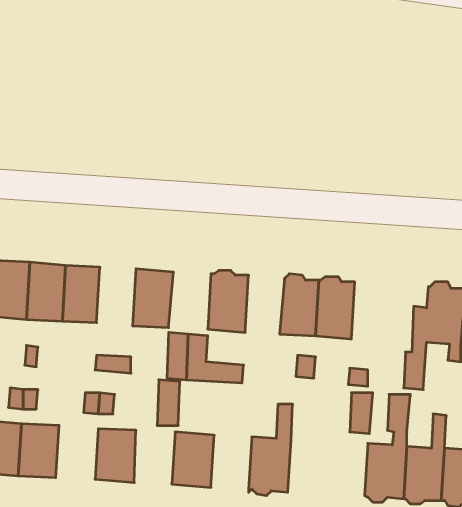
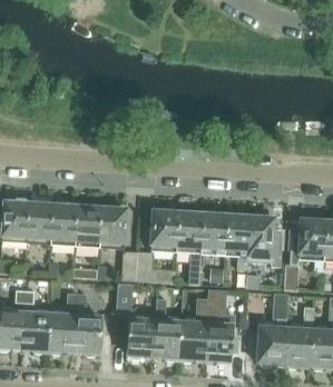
building: none -> [75,206,101,246]
building: none -> [176,209,203,262]
building: none -> [247,214,282,266]
building: none -> [205,289,234,363]
building: none -> [153,297,180,360]
building: none -> [47,314,76,350]

